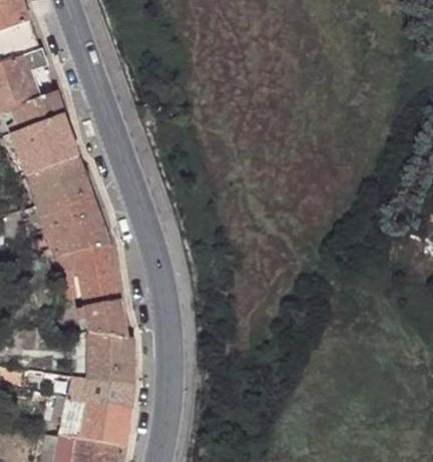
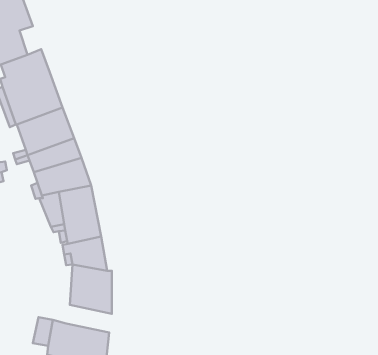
building: [82,376,133,407] -> none

